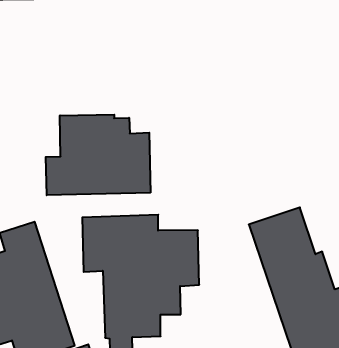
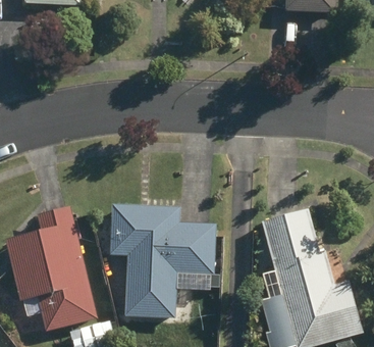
building: [46,115,150,195] -> none

